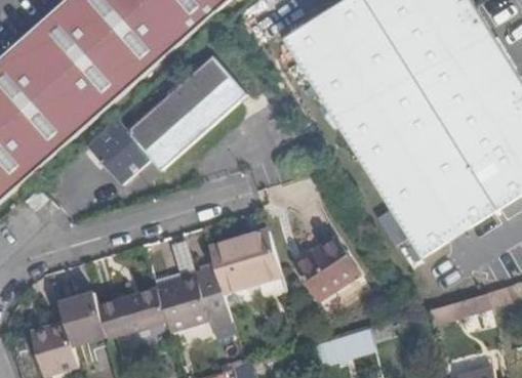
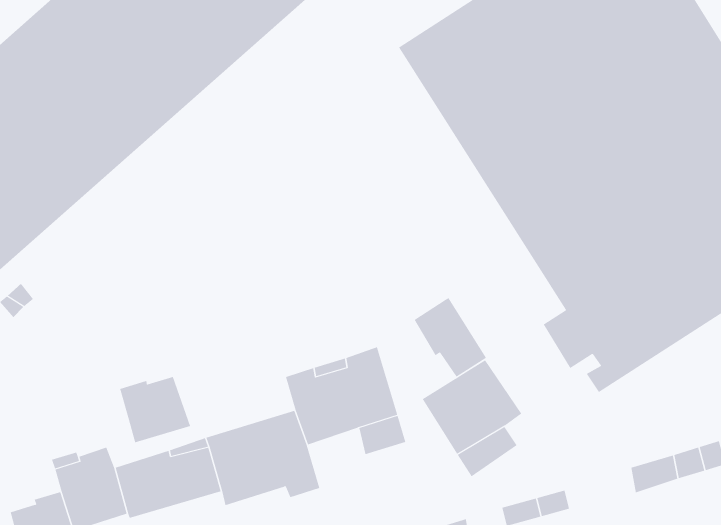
building: [86,55,245,184] -> none
building: none -> [414,297,487,378]
building: none -> [119,376,191,443]

